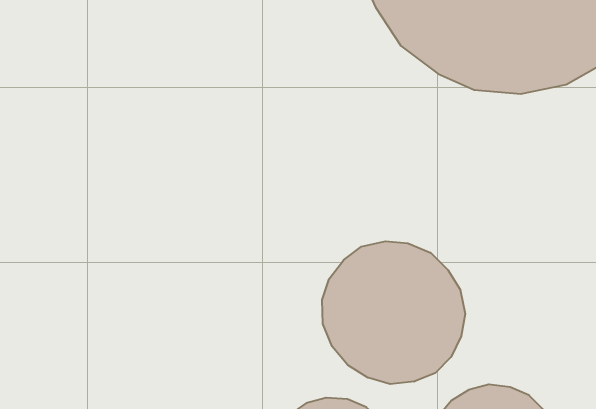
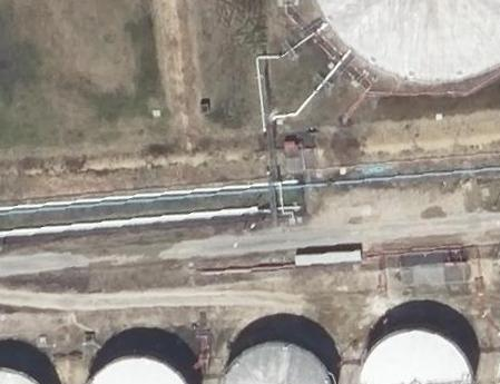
building: [322,241,465,384] -> none

